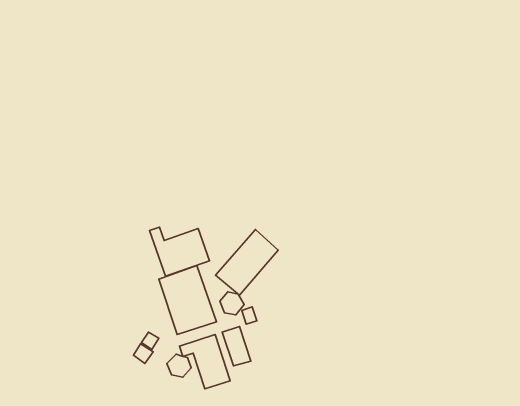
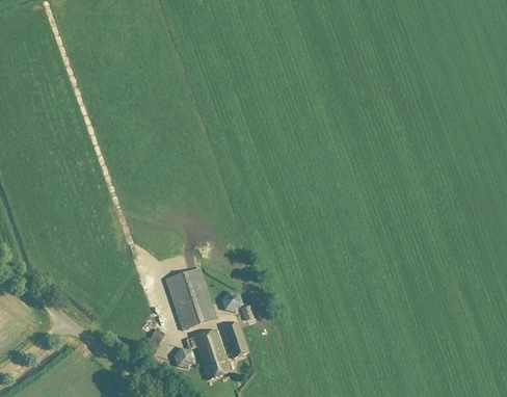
building: [150,227,209,276] -> none
building: [215,229,278,295] -> none

